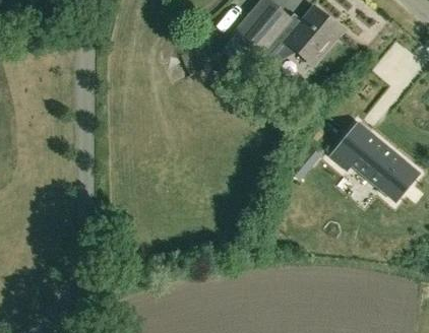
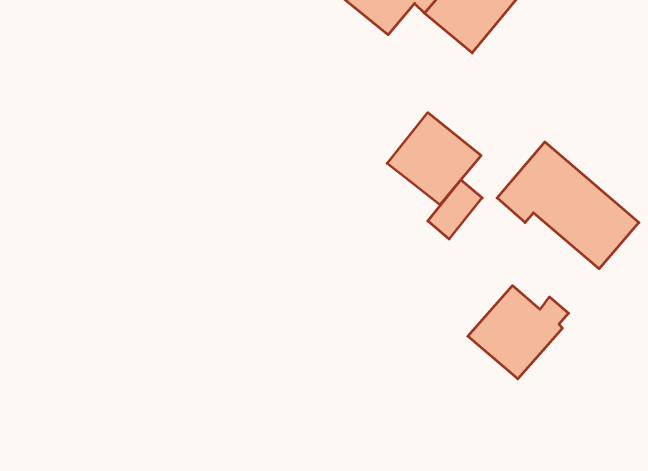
building: none -> [387,113,481,205]
building: none -> [468,286,569,379]

